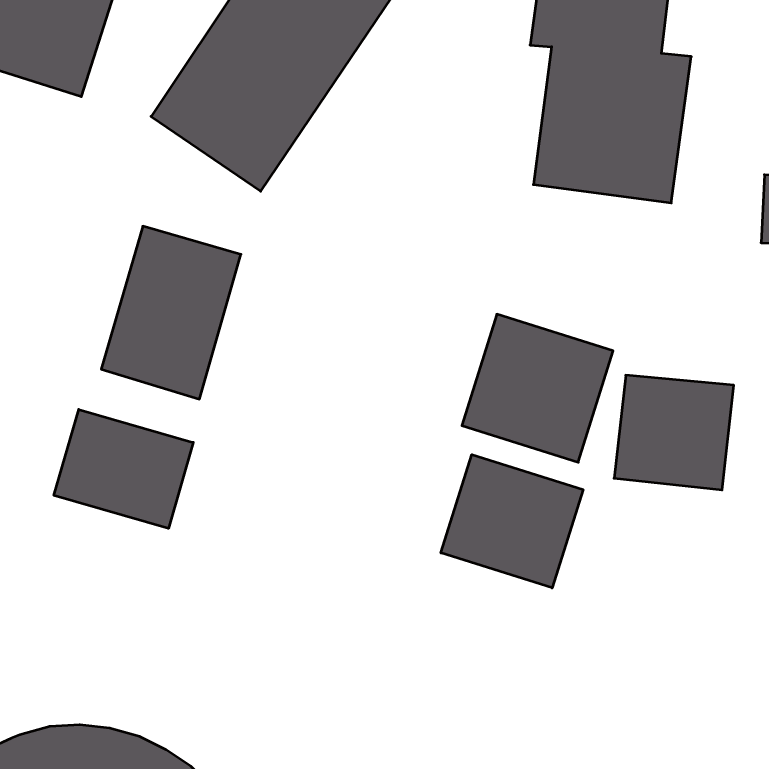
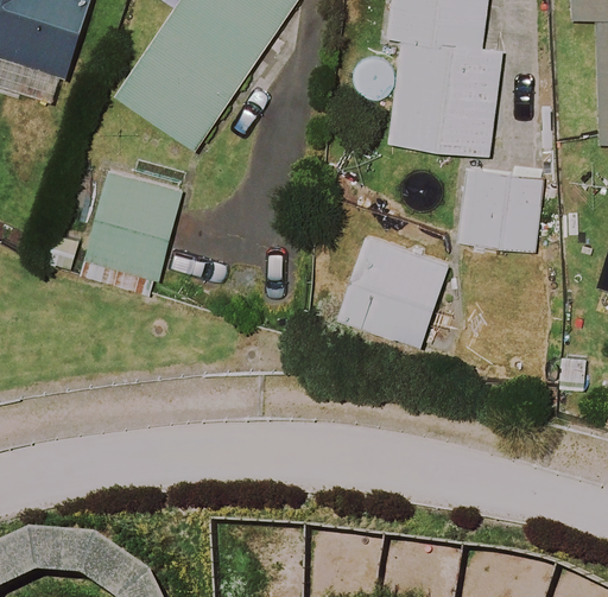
building: [614,375,734,490] -> [455,167,540,249]
building: [54,409,193,528] -> none
building: [441,455,583,588] -> none

